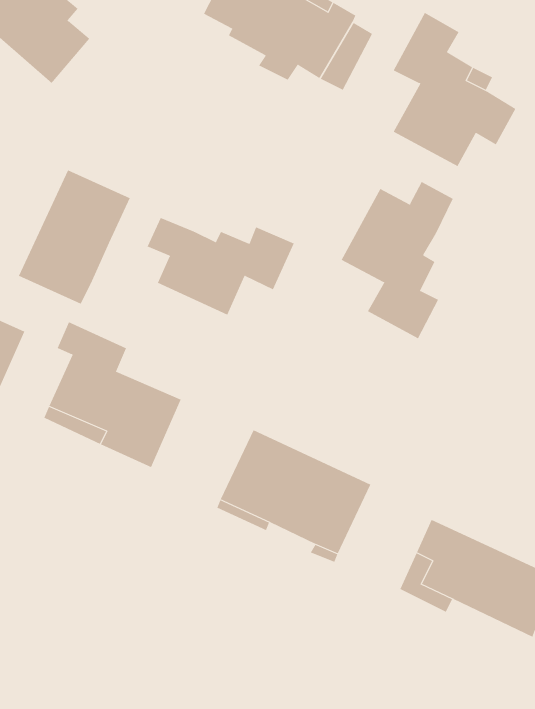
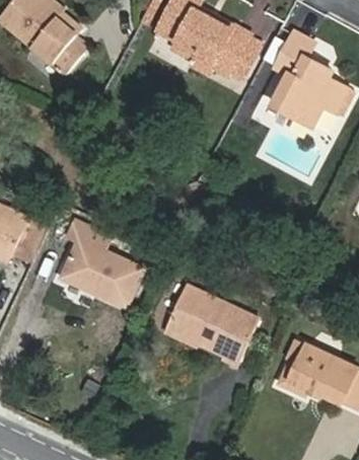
building: [18,170,131,305] -> none
building: [341,181,454,339] -> none
building: [147,217,295,316] -> none

